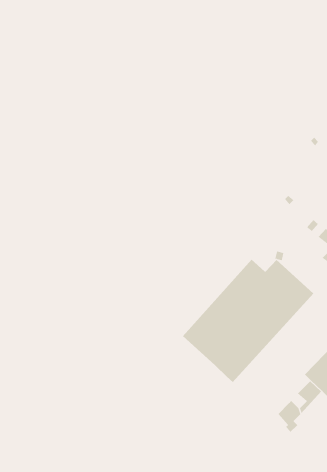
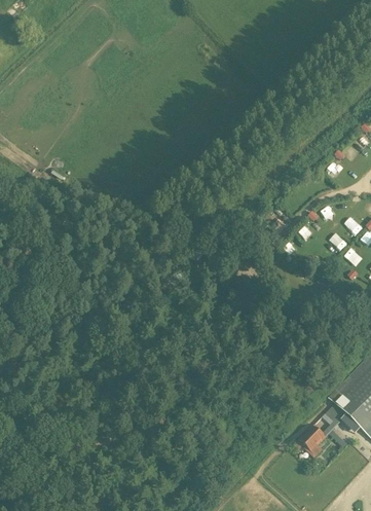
building: [182,259,314,383] -> none

